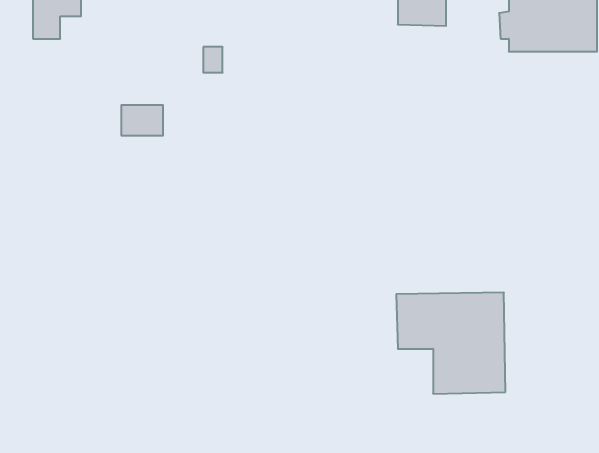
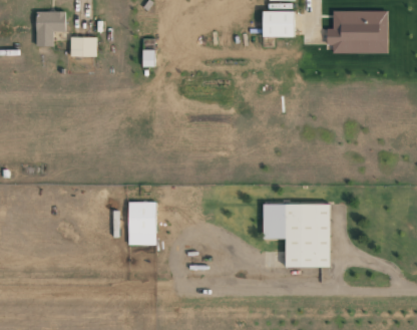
building: [121,105,163,136] -> [70,37,96,56]
building: none -> [129,202,156,245]

